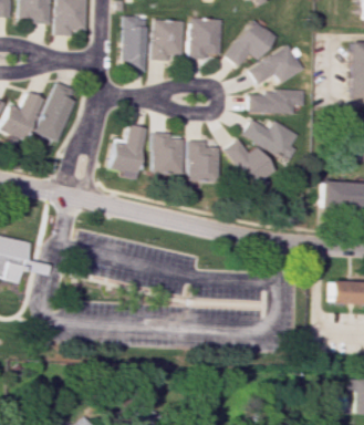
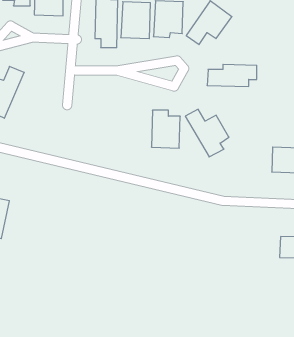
building: [250,44,305,84] -> none
building: [38,81,77,142] -> none
building: [243,117,300,158] -> none
building: [112,124,149,179] -> none
building: [153,131,185,173] -> none

